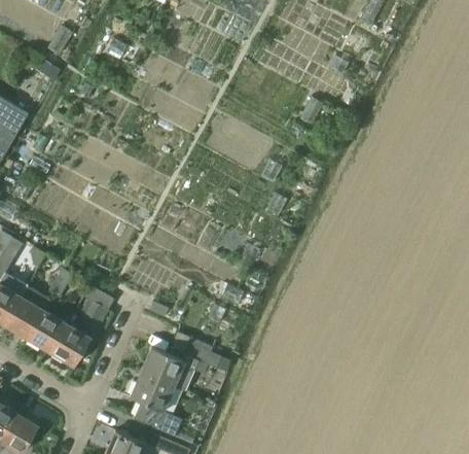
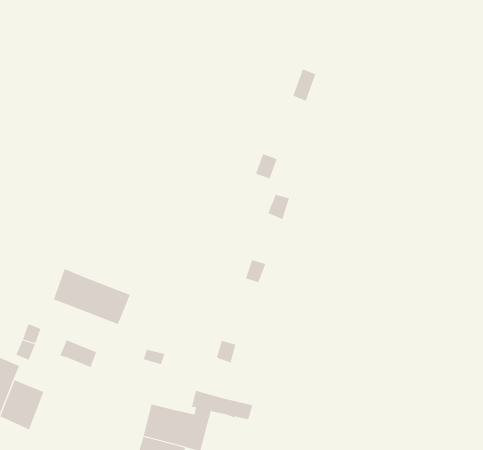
building: none -> [53,268,131,325]
building: [51,324,92,366] -> none

